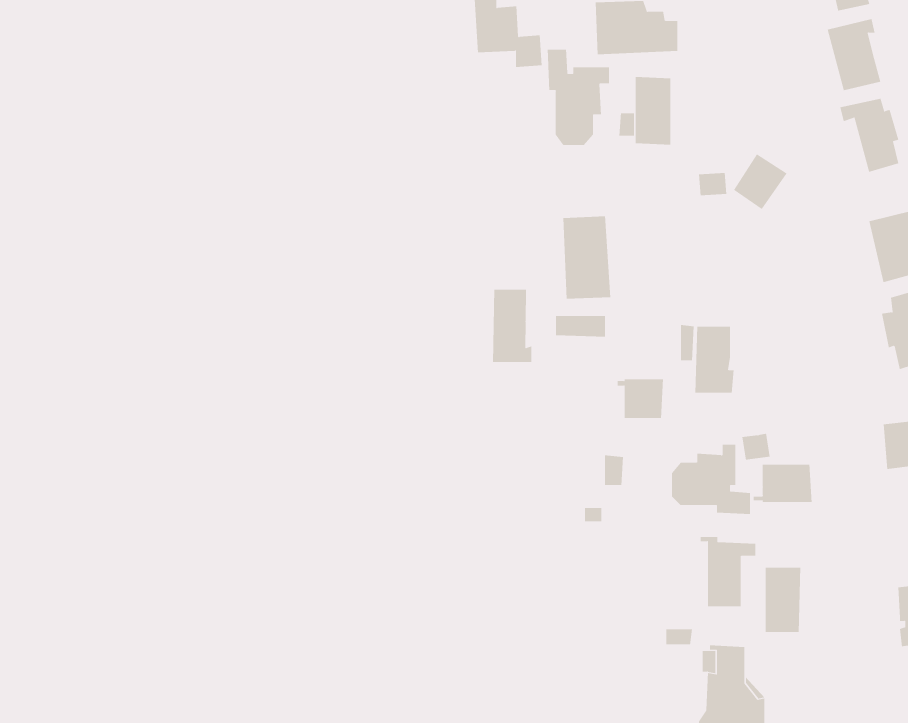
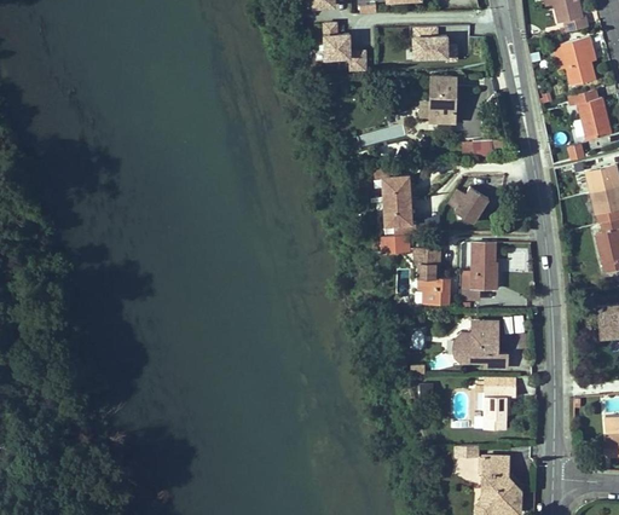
building: [547,49,610,146] -> none
building: [733,154,787,210] -> [455,186,491,224]
building: [492,289,532,363] -> none
building: none -> [413,250,440,279]
building: [753,464,812,503] -> none
building: [765,567,801,633] -> none

